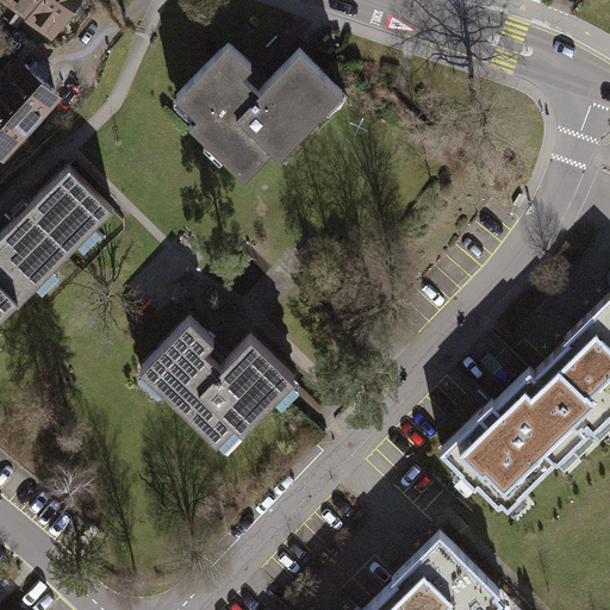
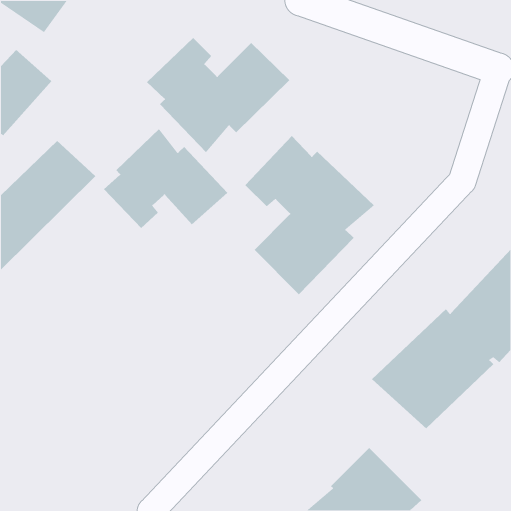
building: none -> [103,128,228,229]
building: none -> [244,135,375,295]
building: [139,320,295,444] -> none

